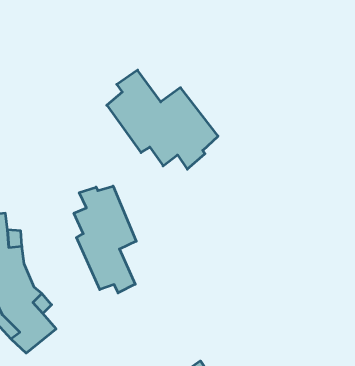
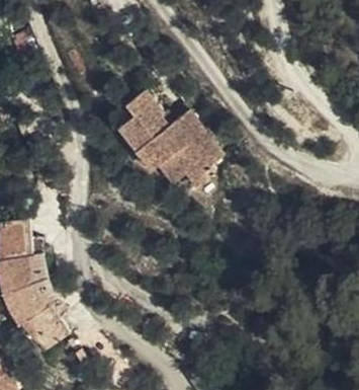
building: [74,186,136,293] -> none

